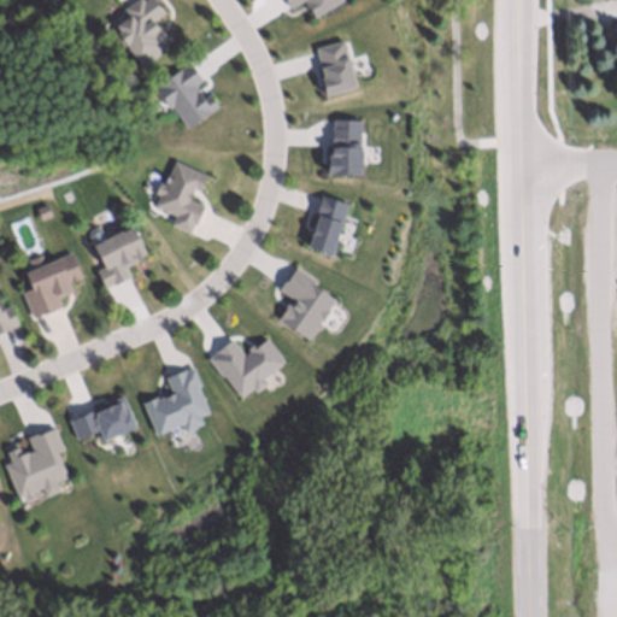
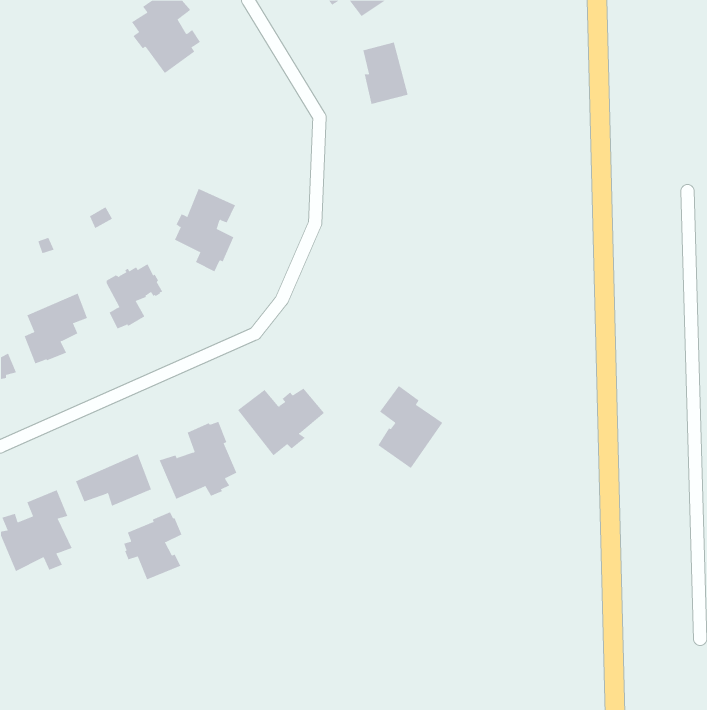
building: [161,66,223,131] -> none
building: [328,118,362,172] -> none
building: [308,194,349,254] -> none
building: [280,265,336,337] -> [378,385,443,469]
building: none -> [124,511,182,580]

